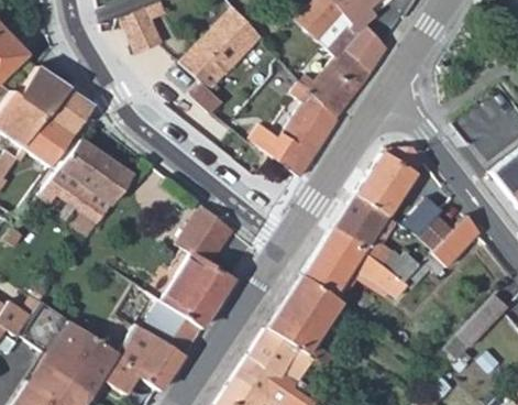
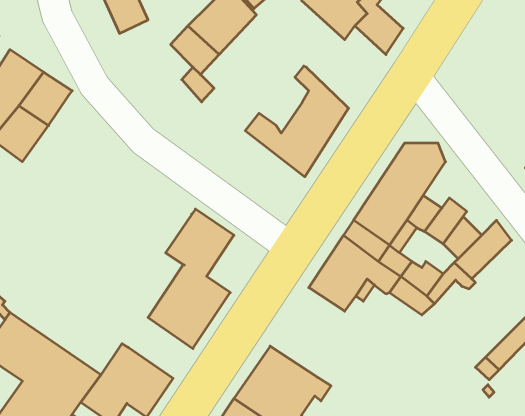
building: [300,45,371,116] -> none
building: [38,138,130,236] -> none
building: [268,276,344,355] -> none
building: [143,303,200,357] -> none

